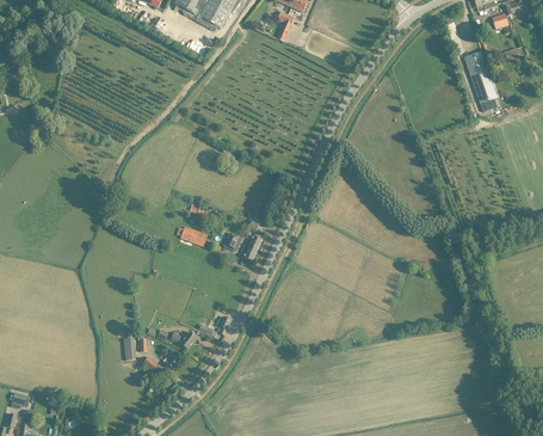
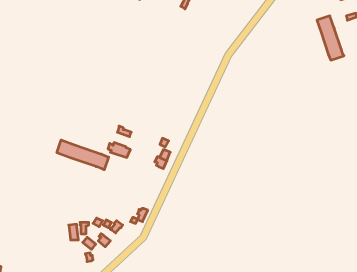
building: none -> [57,140,109,170]

